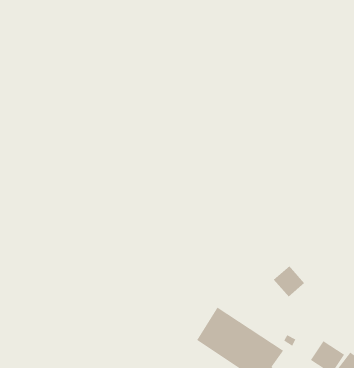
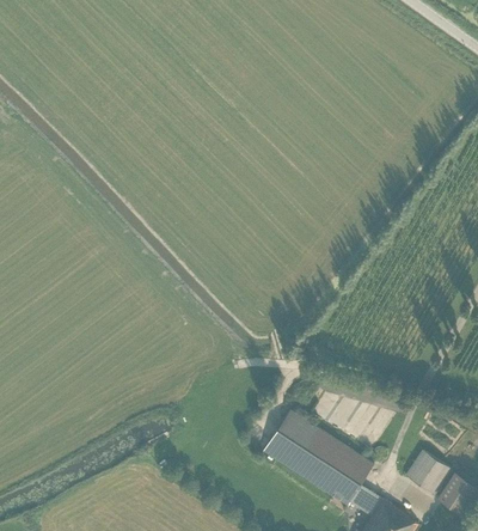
building: [273,265,305,297] -> none

